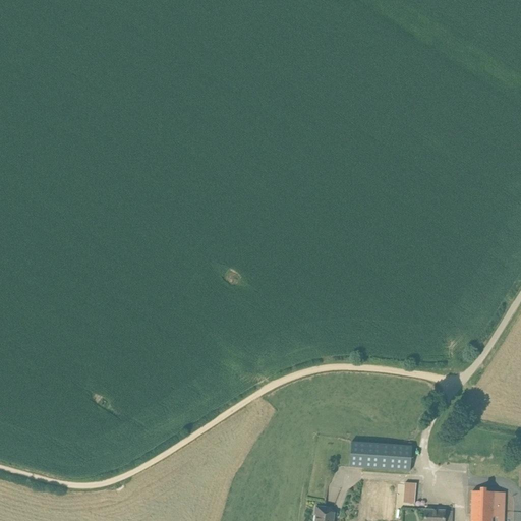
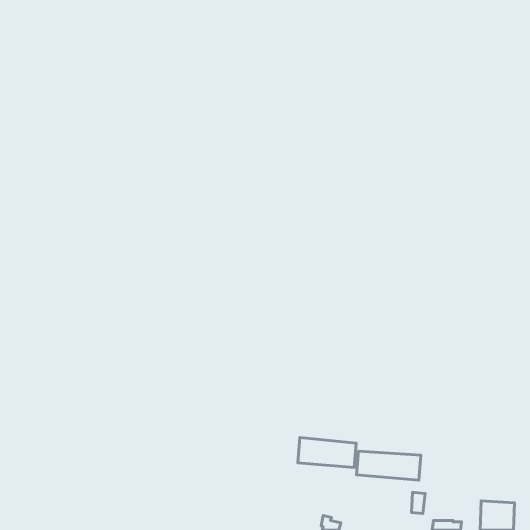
building: none -> [298,437,356,468]

